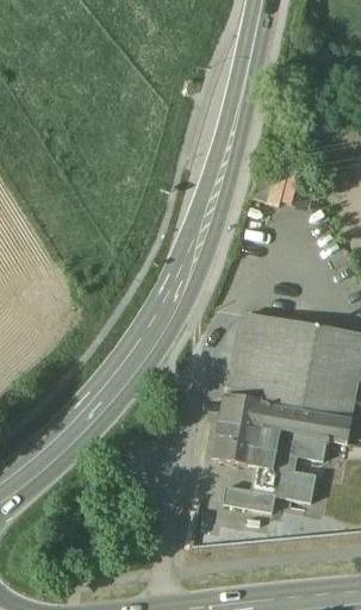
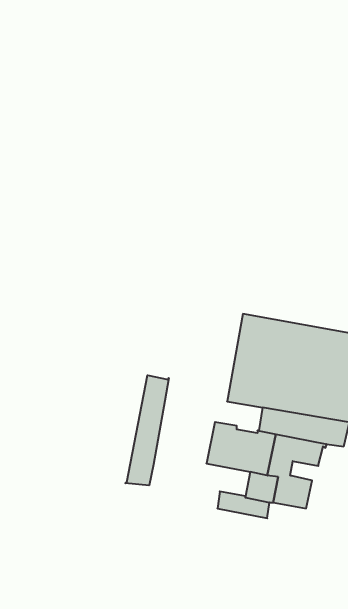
building: none -> [125,375,169,485]
building: [220,396,267,429] -> none

